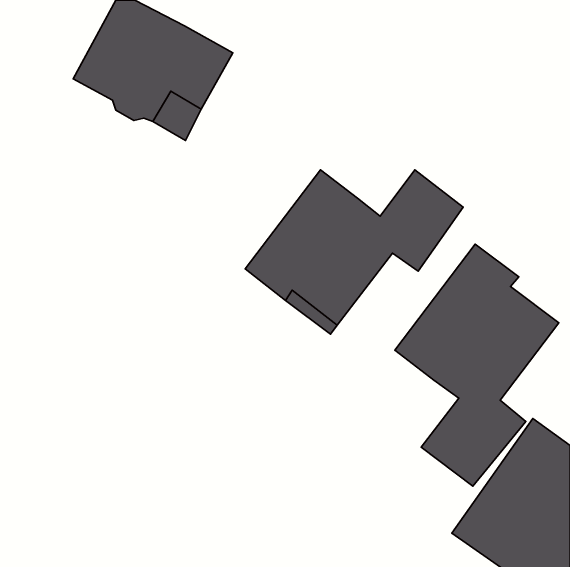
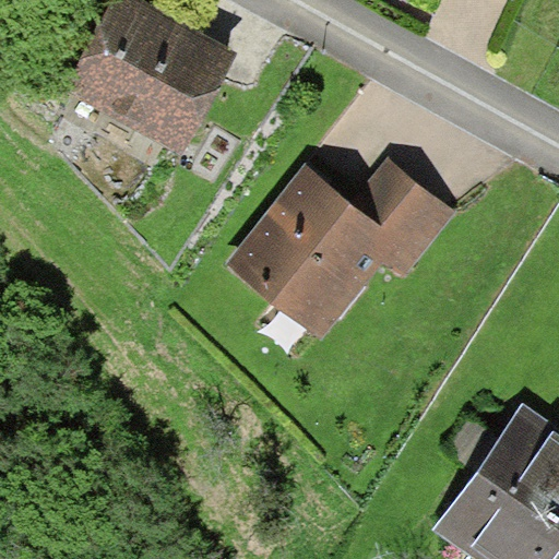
building: [395,244,559,486] -> none

